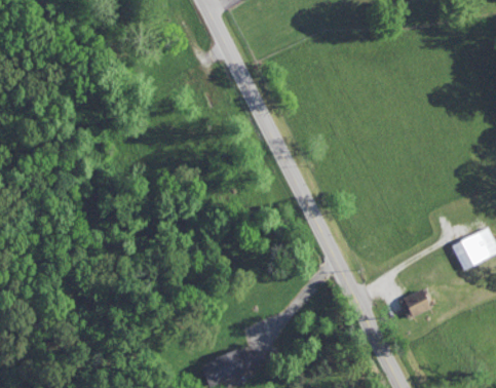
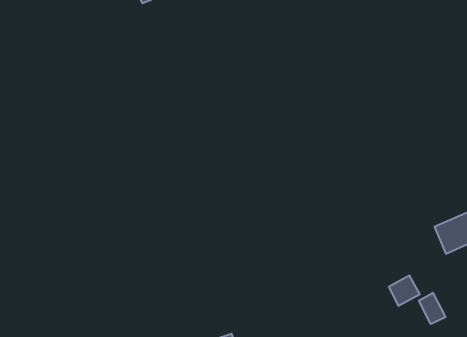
building: none -> [419,293,446,324]

